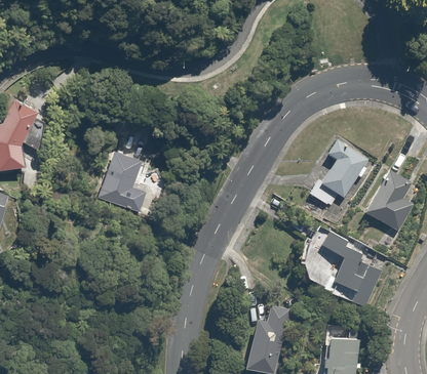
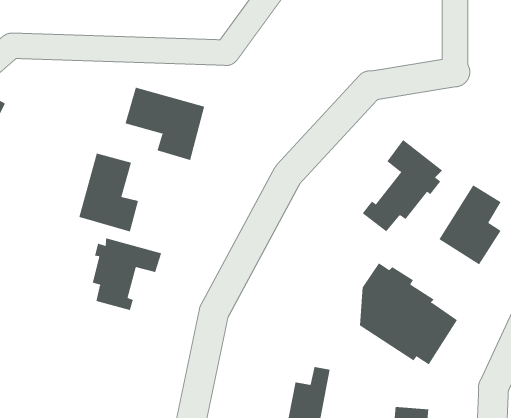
building: none -> [125,87,205,161]
building: none -> [92,238,162,311]

